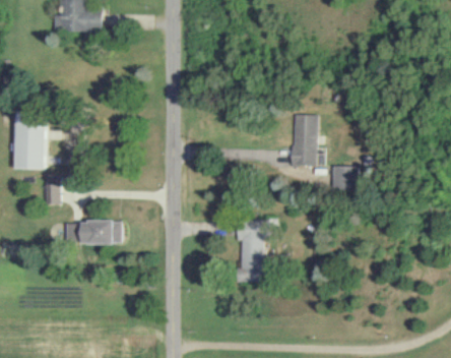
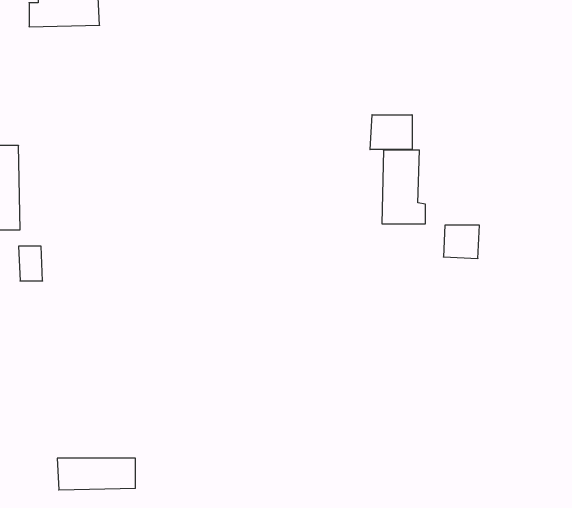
building: none -> [370,115,412,150]
building: [69,222,122,243] -> [57,458,135,490]
building: [239,223,270,271] -> none

